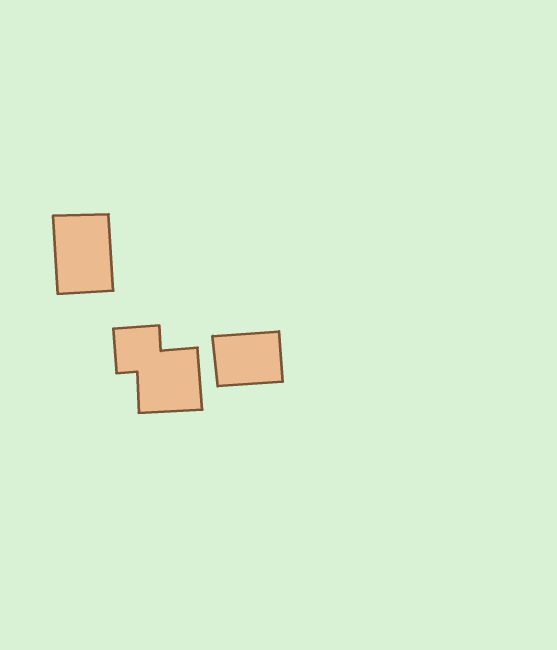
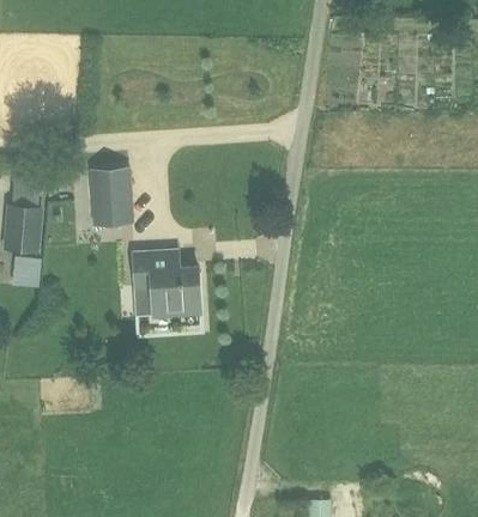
building: [213,331,283,386] -> none

